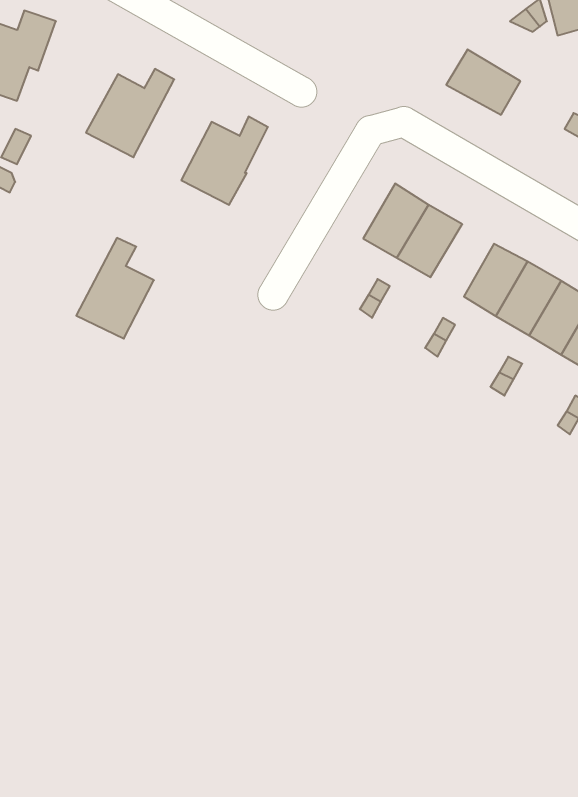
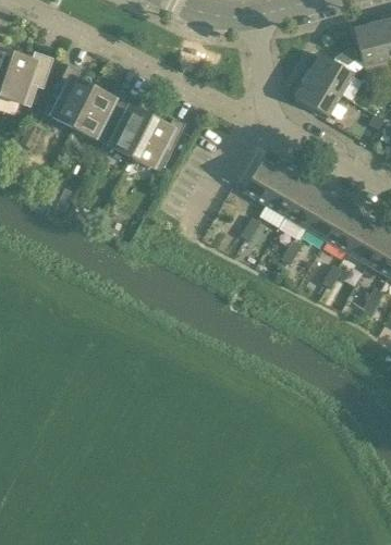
building: none -> [308,53,354,95]
building: none -> [44,63,93,126]
building: none -> [285,183,325,227]
building: [76,238,154,339] -> [102,94,150,156]

